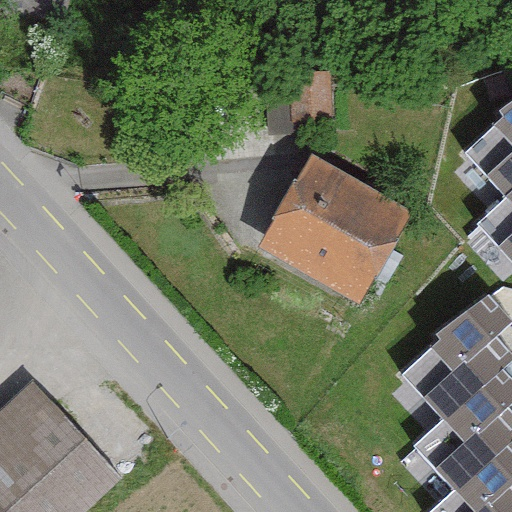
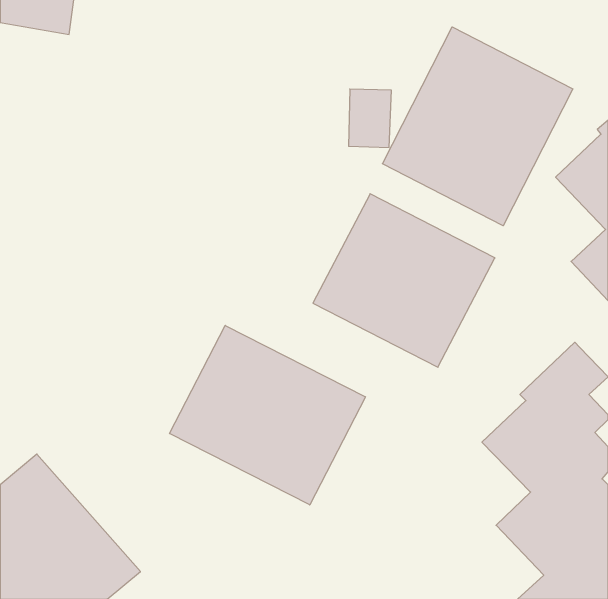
building: none -> [382,27,573,226]
building: none -> [170,325,365,505]

